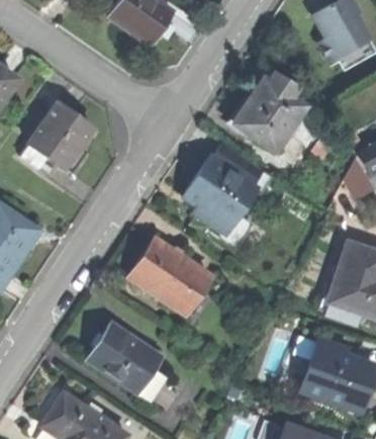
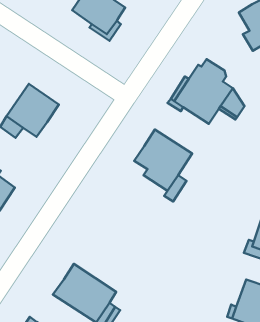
building: [131,241,212,316] -> none

